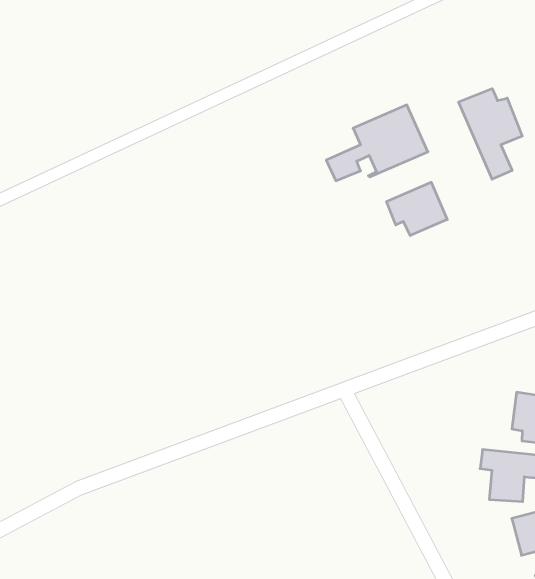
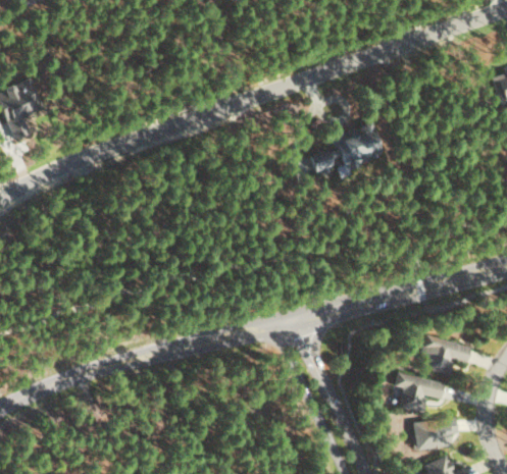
building: [459,89,522,179] -> none
building: [387,182,447,236] -> none

